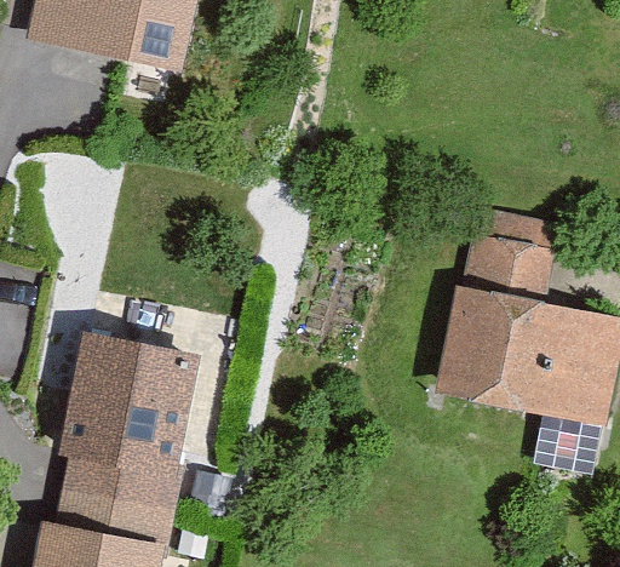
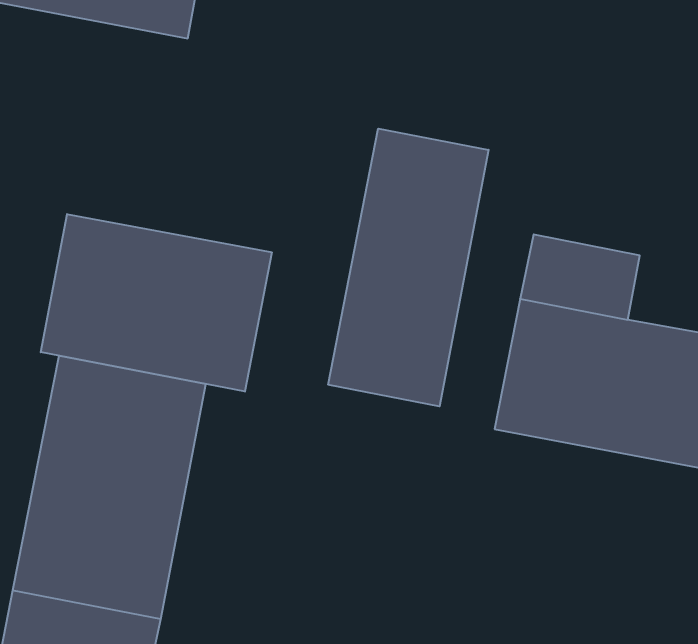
building: none -> [328,129,489,406]
building: none -> [41,214,272,392]

